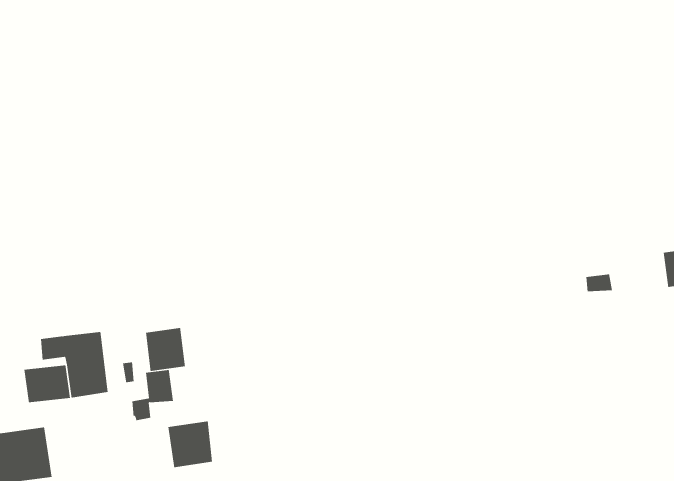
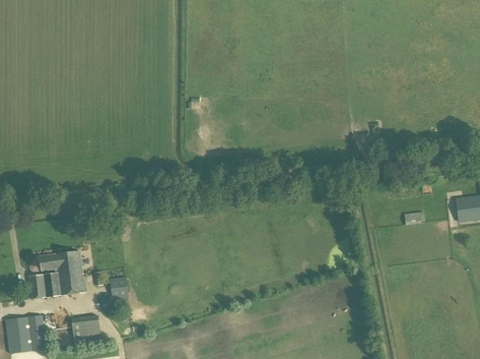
building: [145,327,185,372] -> none
building: [167,421,213,468] -> [70,314,100,346]

